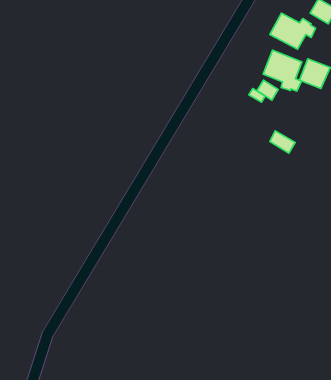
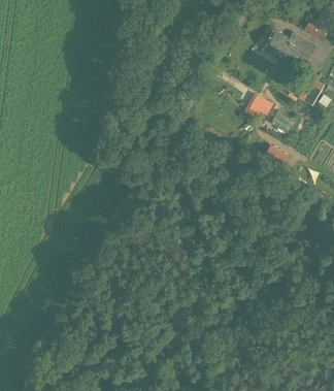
building: [263,50,302,91] -> none

